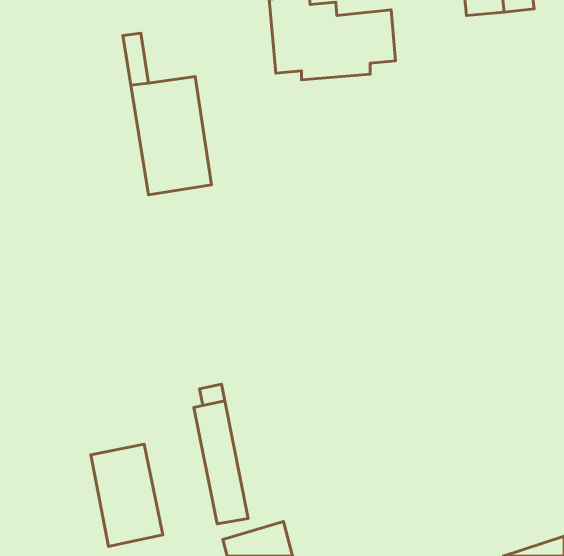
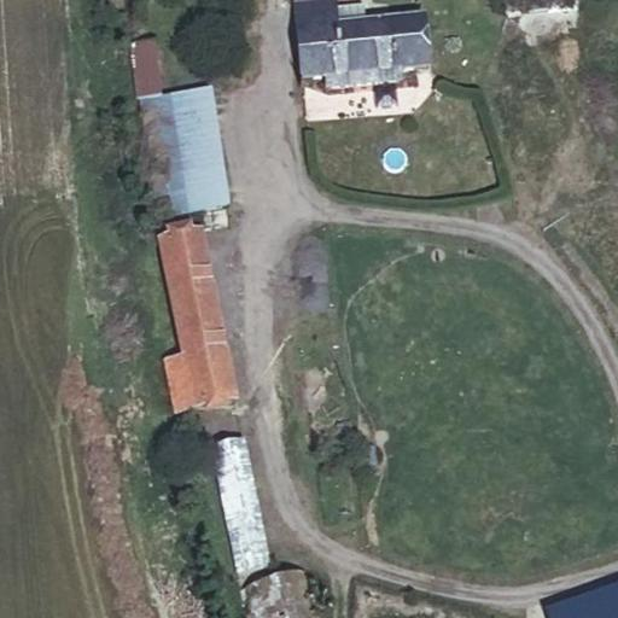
building: none -> [158,227,238,409]
building: [91,444,163,546] -> none

